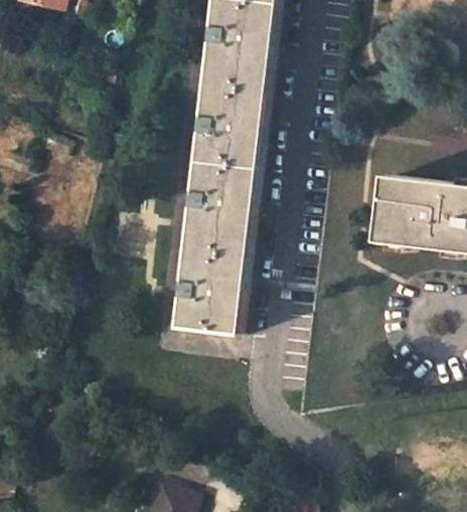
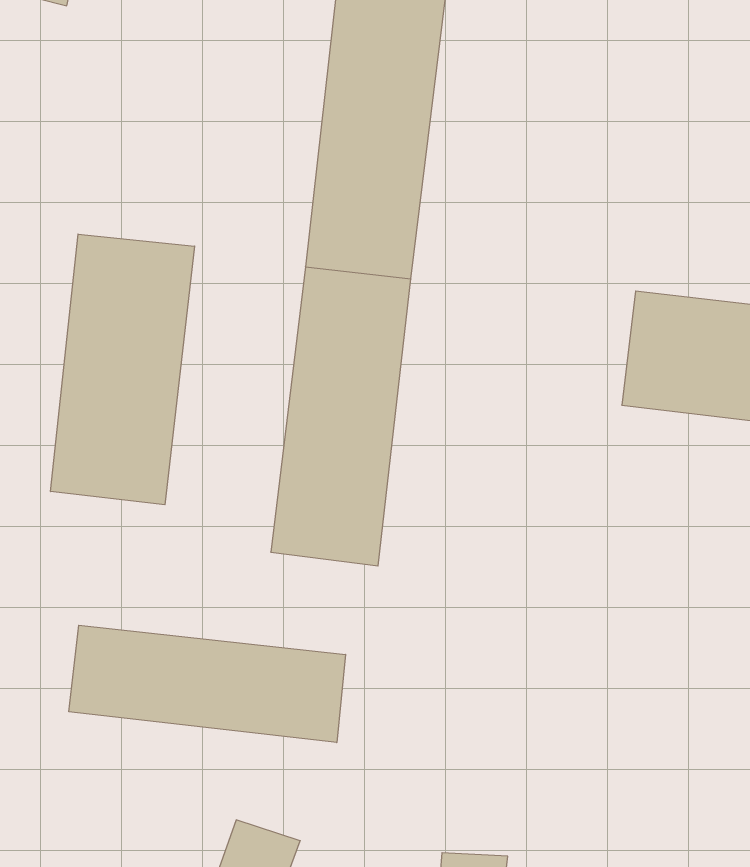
building: none -> [51,234,195,505]
building: none -> [69,625,346,743]

